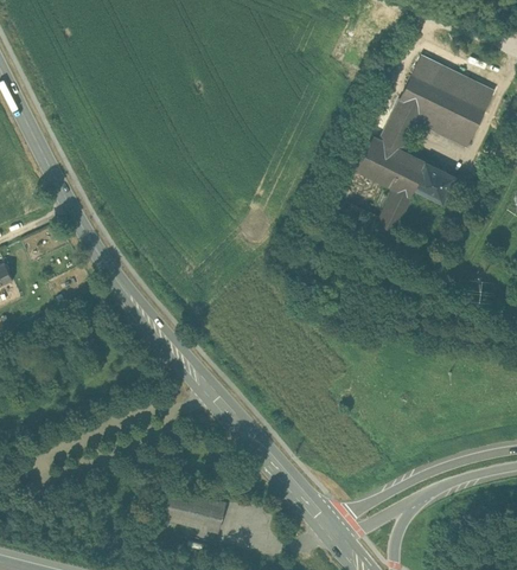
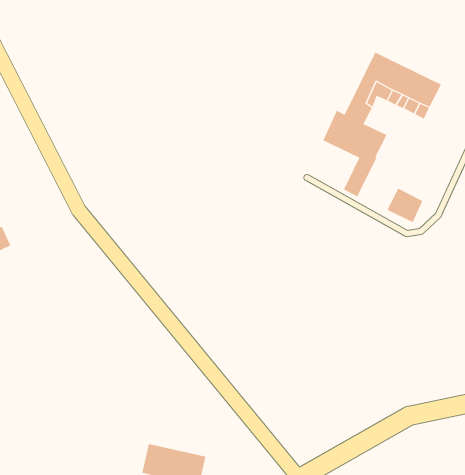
building: [411,55,491,107] -> none
building: [413,161,452,199] -> [387,188,423,223]

